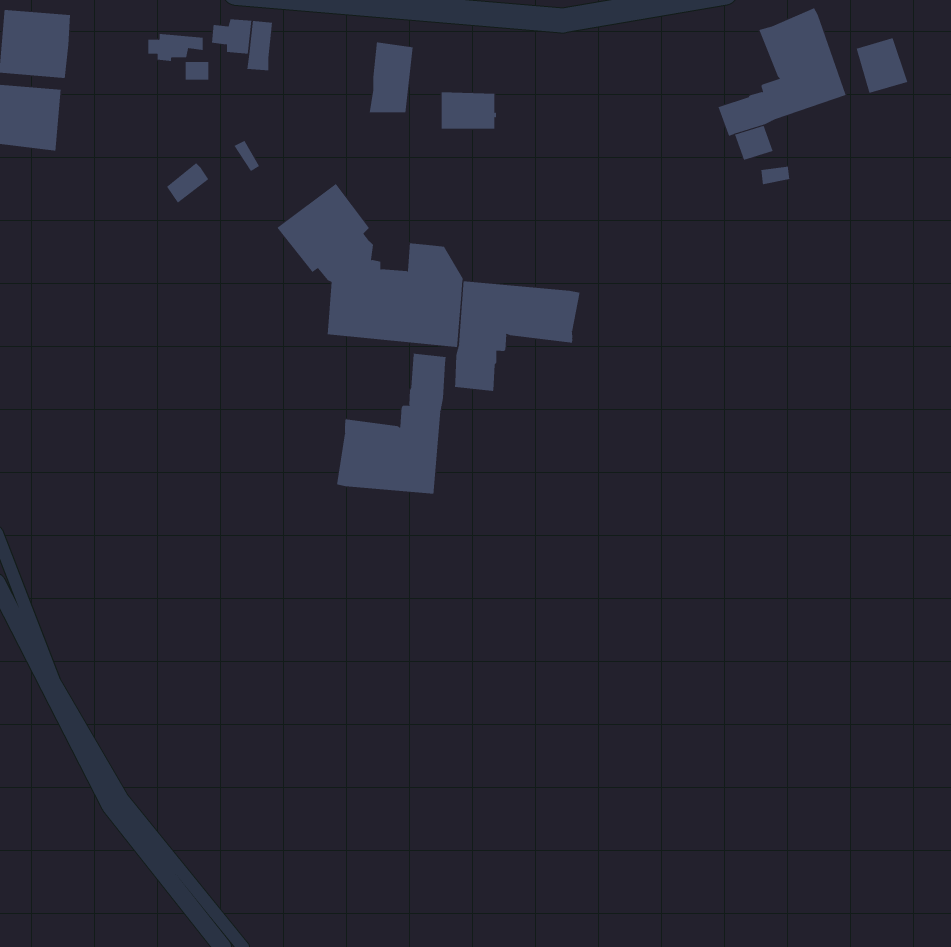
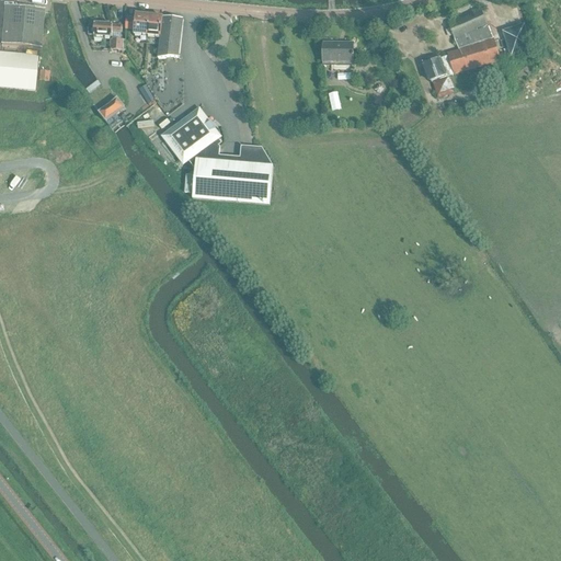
building: [369,42,414,113] -> [156,13,182,55]
building: [441,92,497,129] -> [321,38,354,60]
building: [454,280,580,392] -> none
building: [336,353,446,494] -> none

